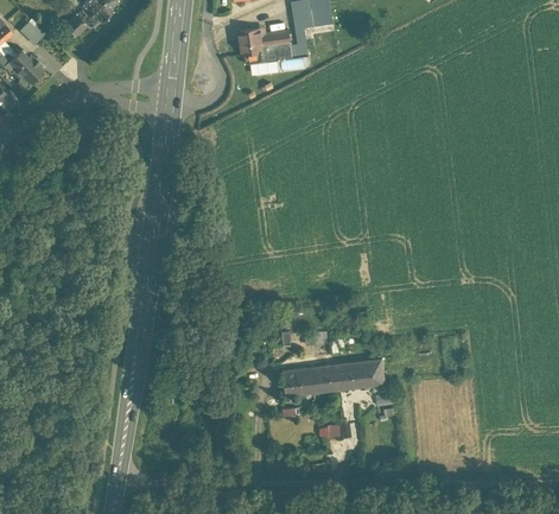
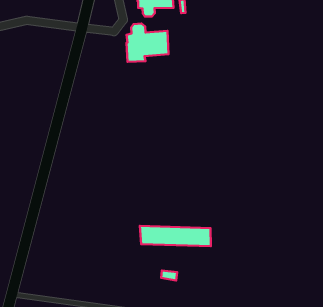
building: none -> [126,23,168,62]

